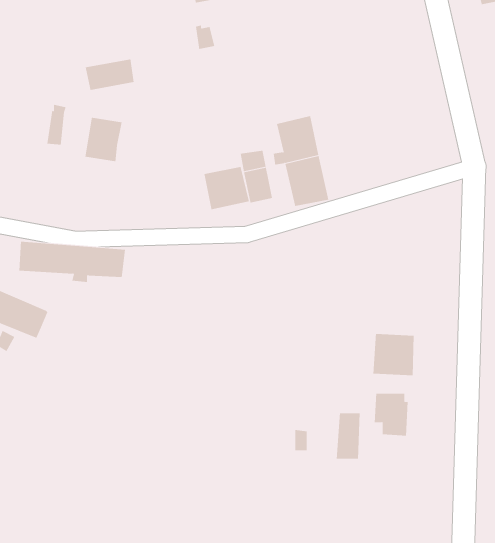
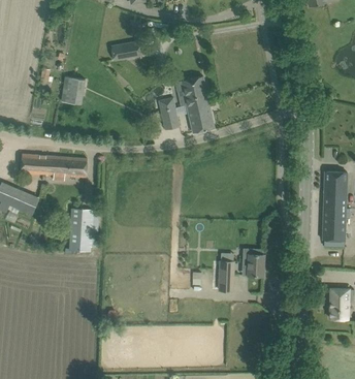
building: [85,59,135,90] -> [110,40,141,60]
building: [204,166,250,210] -> none
building: none -> [63,209,98,253]
building: [373,333,414,376] -> none

